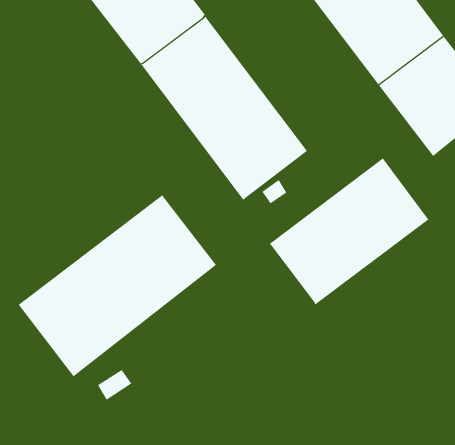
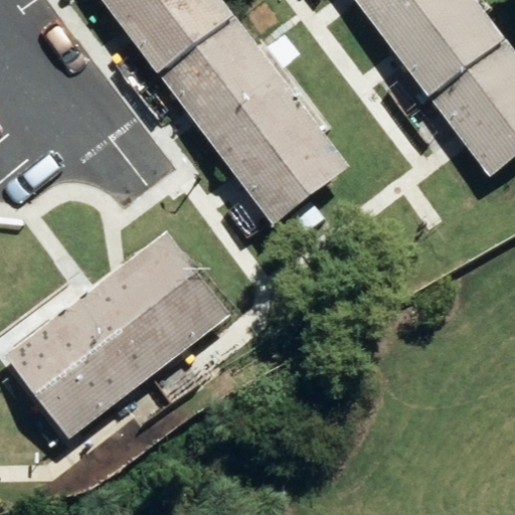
building: [269,157,429,306] -> none

